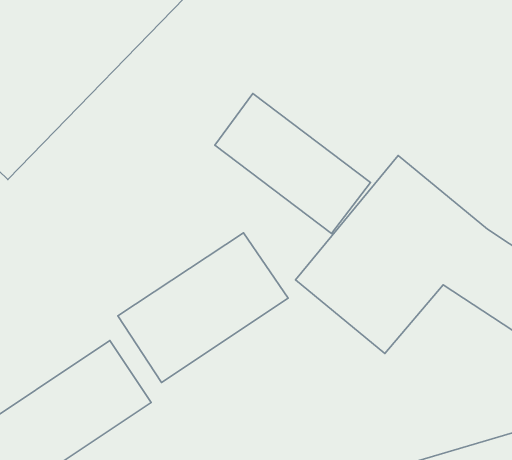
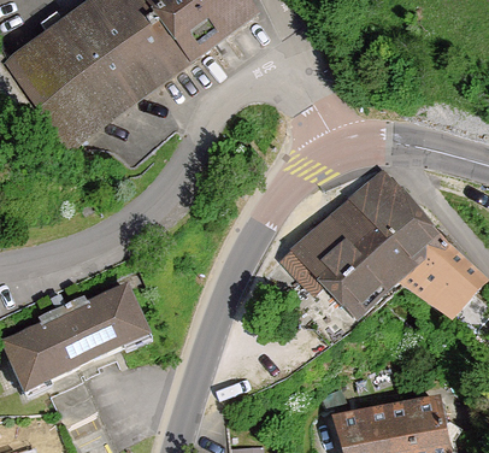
building: [215,94,371,233] -> none
building: [118,233,288,382] -> none

